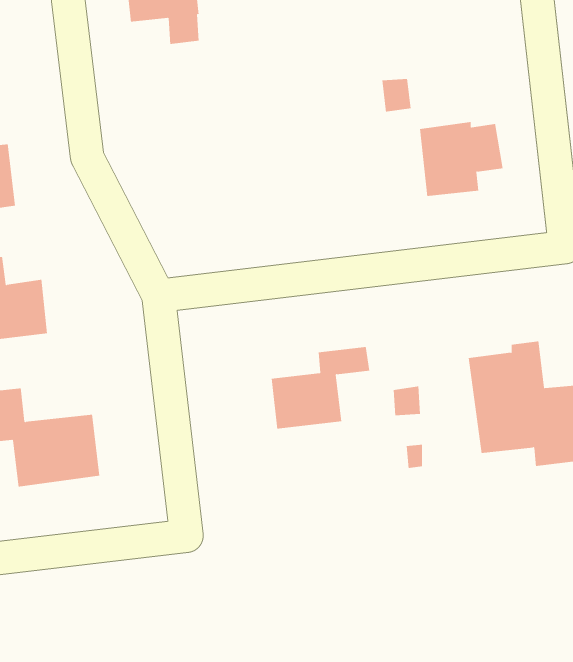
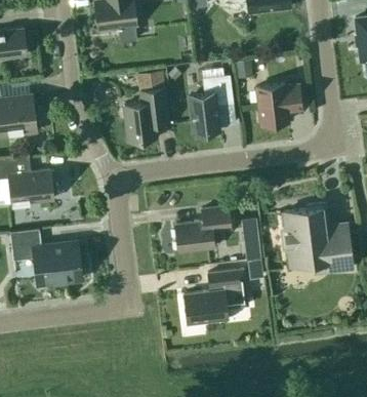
building: none -> [123,70,167,141]
building: none -> [189,75,234,132]
building: none -> [184,269,249,323]

